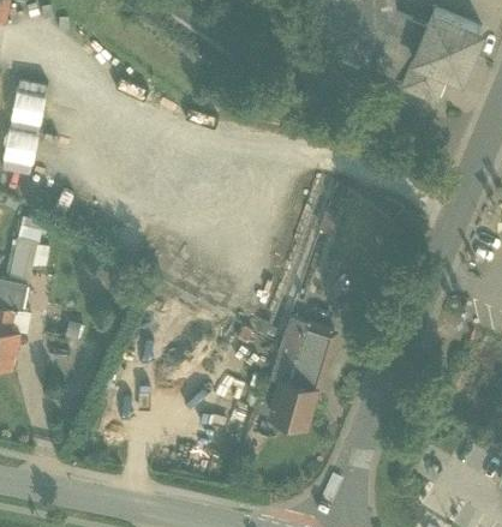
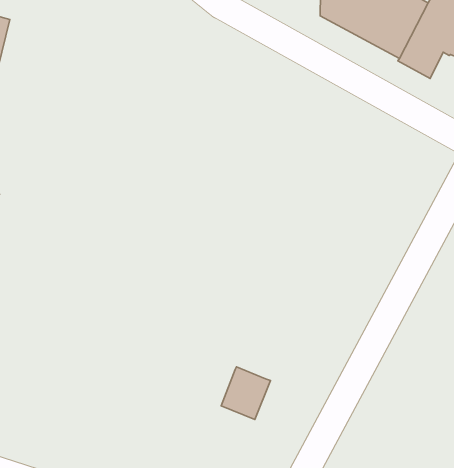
building: [273,318,334,389] -> none

